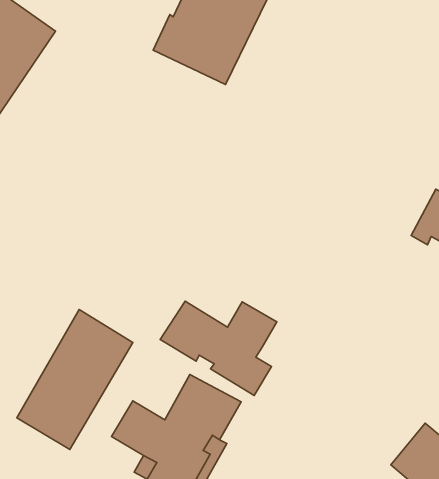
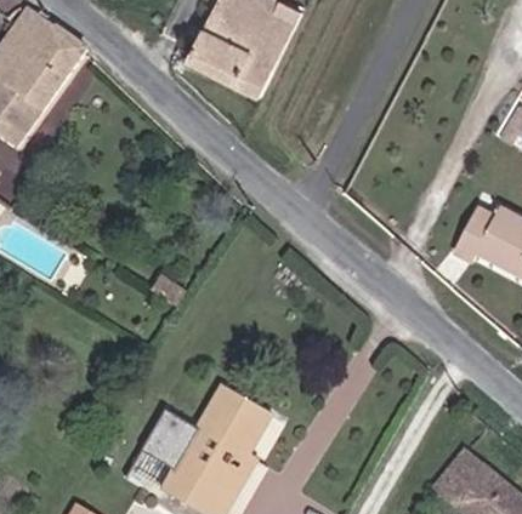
building: [160,301,277,395] -> none
building: [17,310,133,450] -> none

